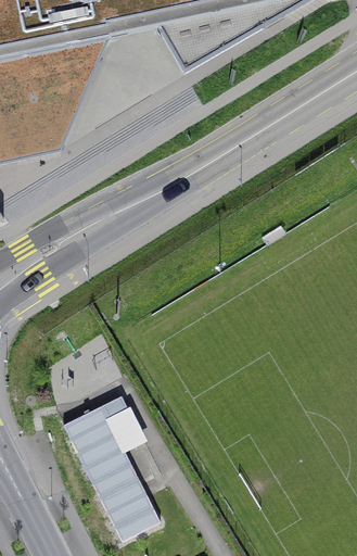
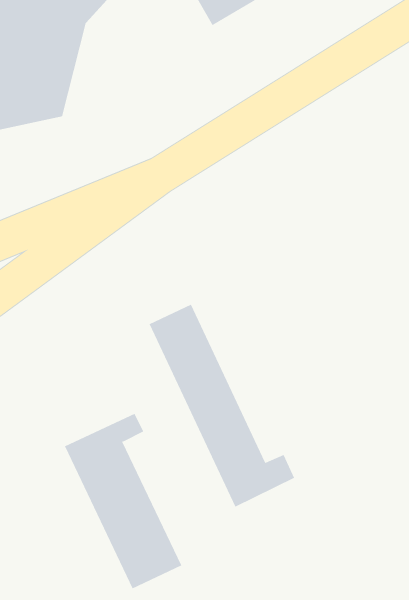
building: none -> [149,304,295,507]

